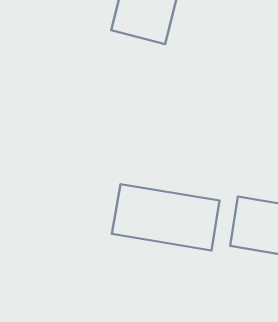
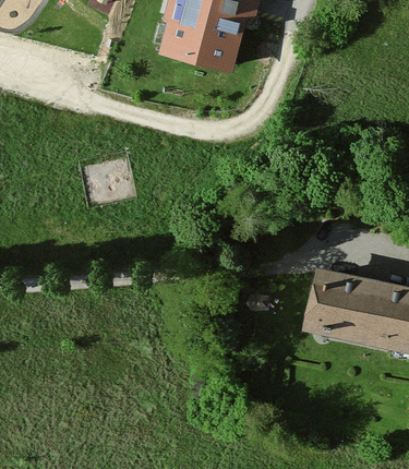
building: [112,184,220,251] -> none

